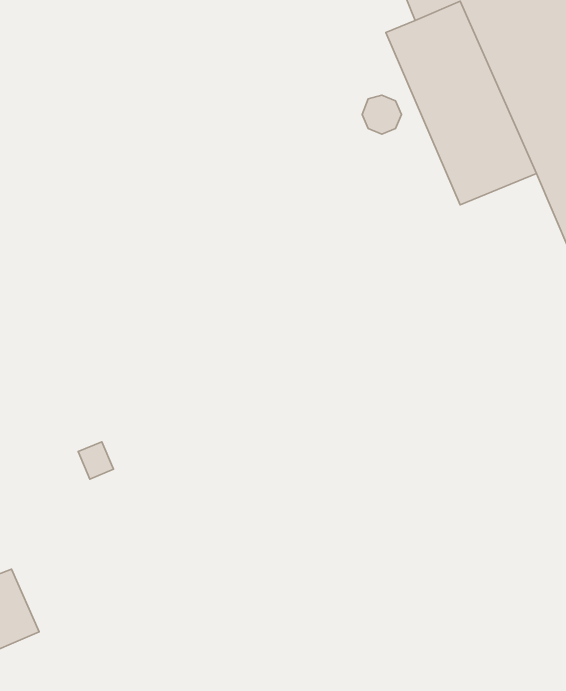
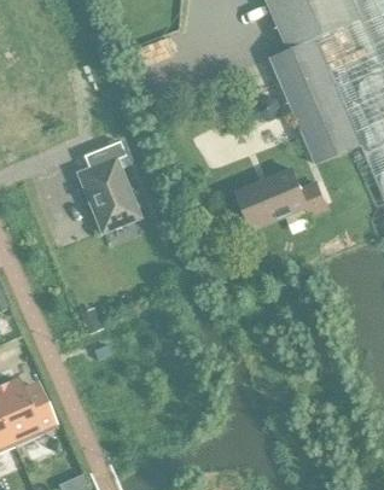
building: none -> [77,141,138,232]
building: none -> [237,169,327,231]

